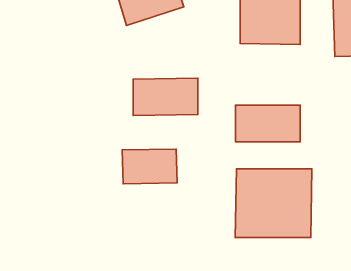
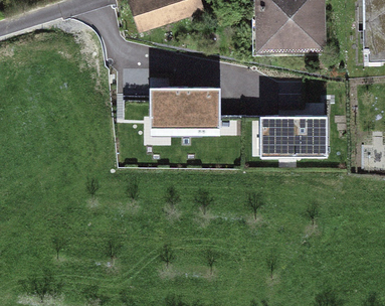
building: [122,149,177,184] -> none
building: [235,169,312,237] -> none

